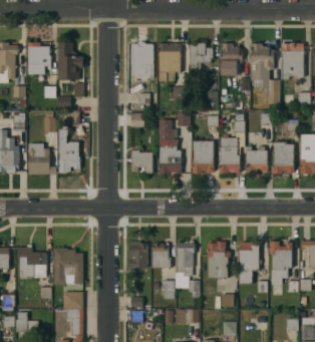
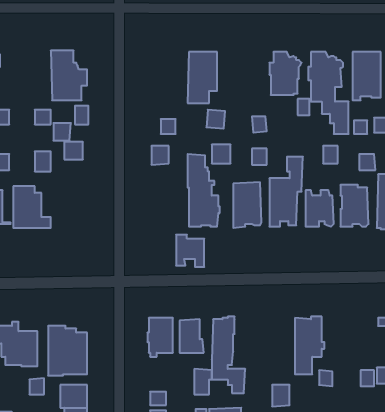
building: [27,42,50,74] -> none
building: [130,42,153,78] -> none
building: [189,43,212,79] -> none
building: [57,126,79,175] -> none
building: [130,149,151,174] -> [176,235,204,267]
building: [207,242,229,278] -> none
building: [268,242,291,285] -> none

